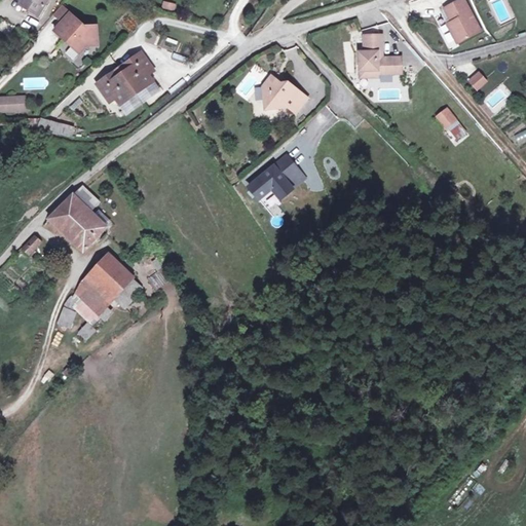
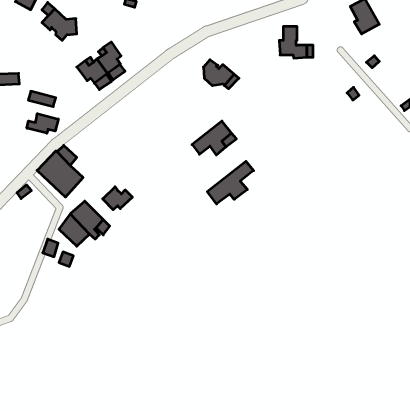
building: none -> [27,114,58,133]
building: none -> [207,161,254,204]
building: none -> [103,187,132,210]

